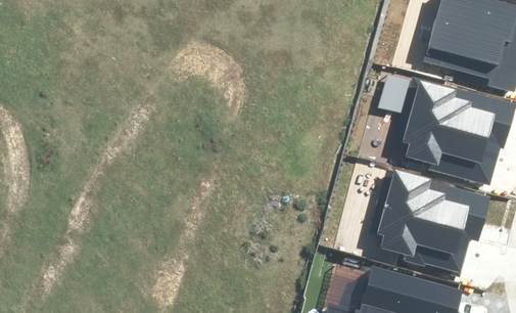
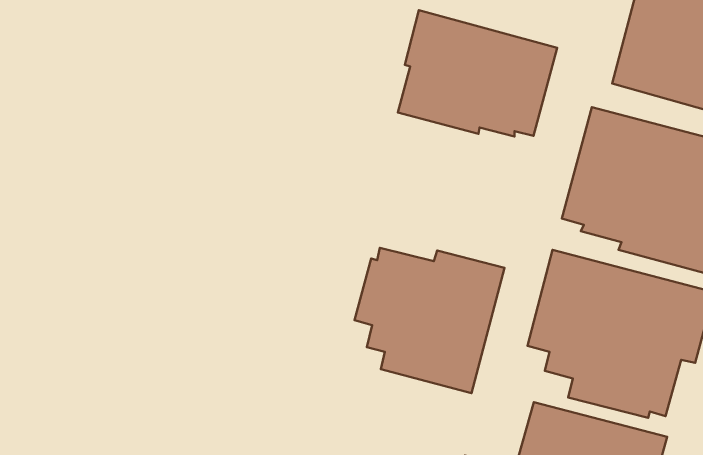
building: none -> [398,10,557,137]
building: none -> [355,248,504,393]

